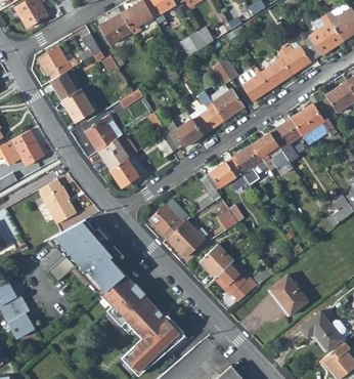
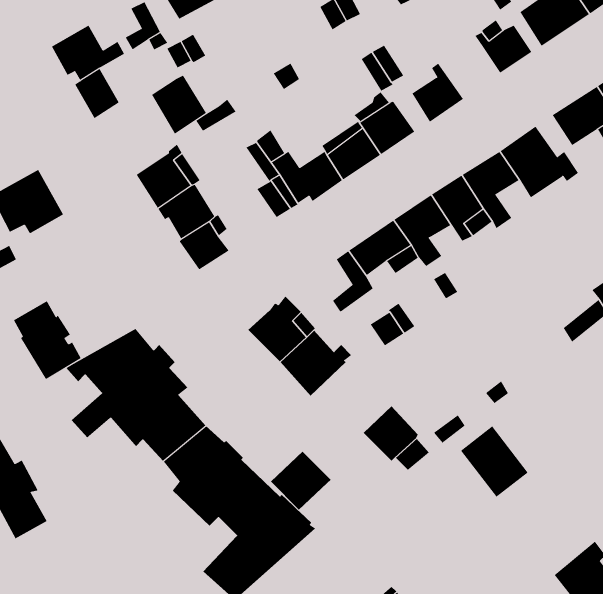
building: [257,59,292,89] -> none
building: [61,89,93,123] -> [151,75,207,134]
building: [39,177,78,222] -> [13,300,81,380]
building: [197,245,232,279] -> [270,451,331,510]
building: [299,311,342,351] -> none

